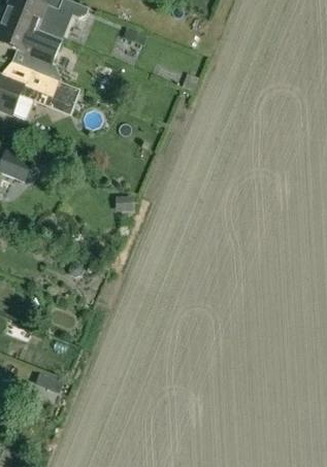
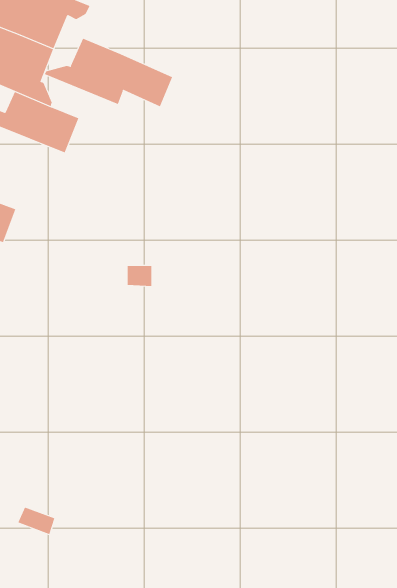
building: none -> [44,38,173,107]

